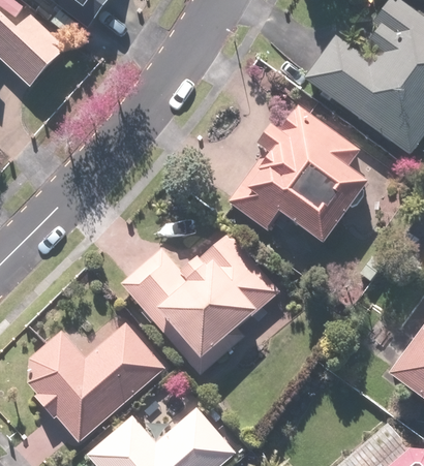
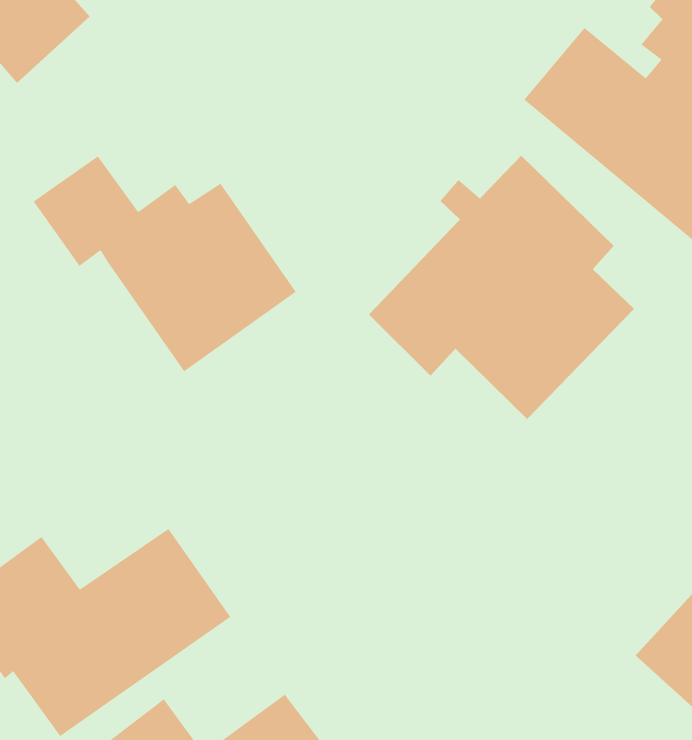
building: none -> [33,156,296,372]
building: [124,229,281,374] -> none

